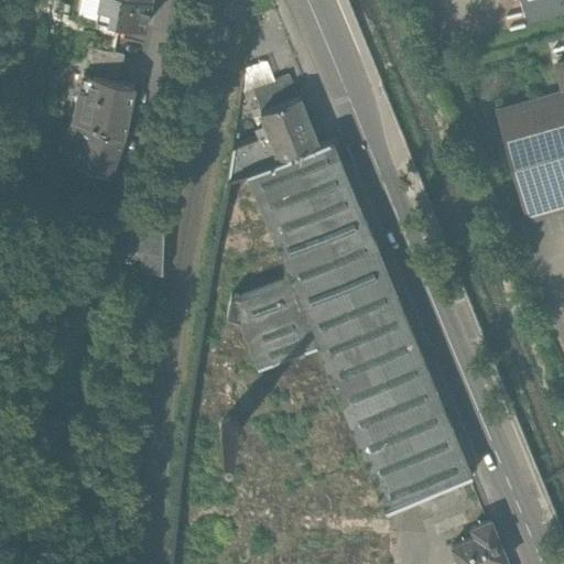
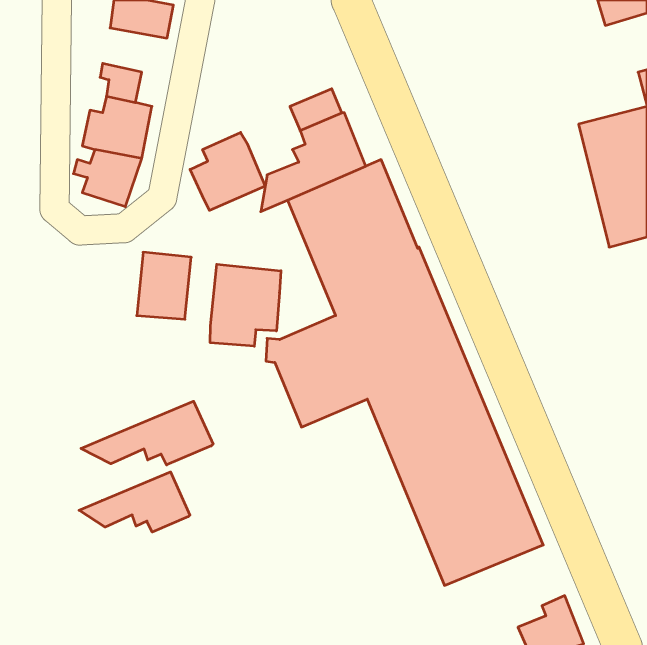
building: none -> [190,132,265,210]
building: none -> [210,264,281,346]
building: none -> [81,401,213,465]
building: none -> [79,472,190,532]

